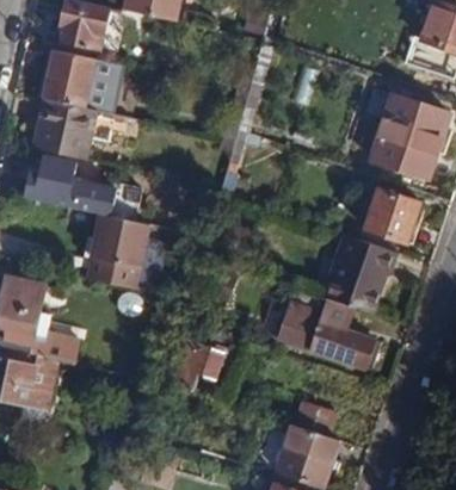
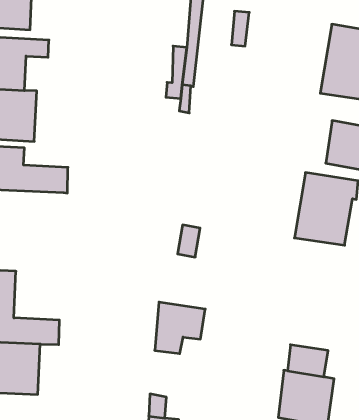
building: [86,215,166,294] -> none
building: [278,284,375,368] -> none

